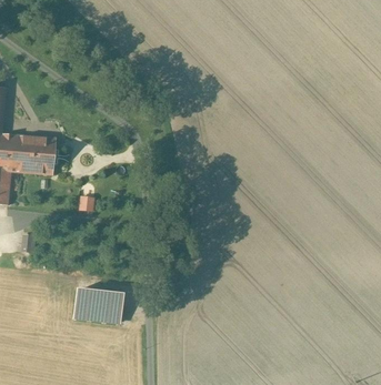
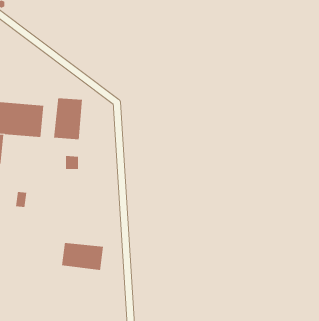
building: none -> [53,97,83,140]

